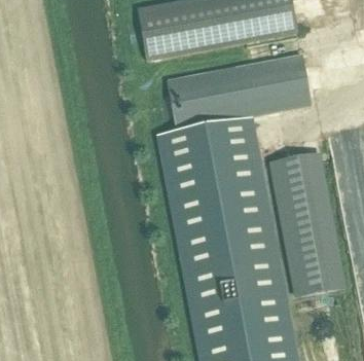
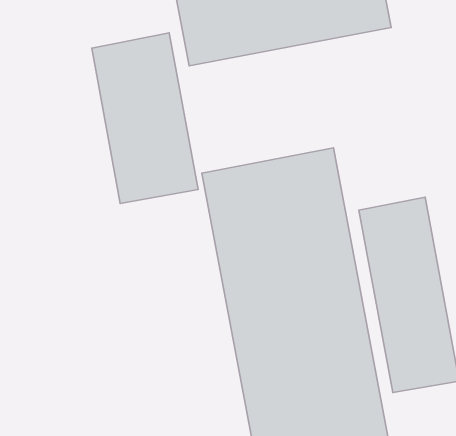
building: none -> [92,33,198,204]
building: [169,57,311,130] -> none

